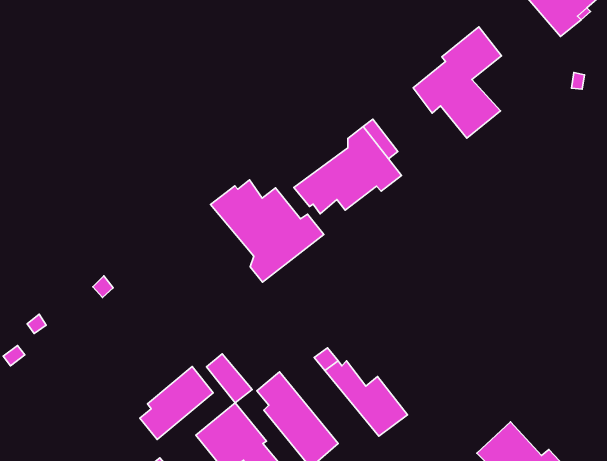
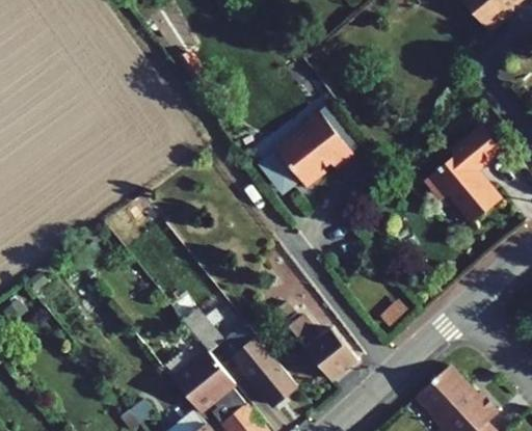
building: [413,27,502,138] -> [425,126,502,222]
building: [210,180,324,282] -> none
building: [140,366,213,440] -> none

